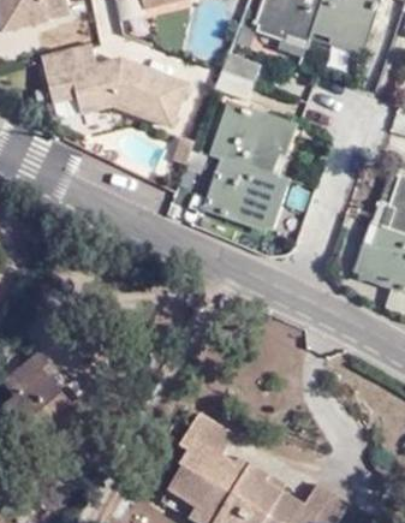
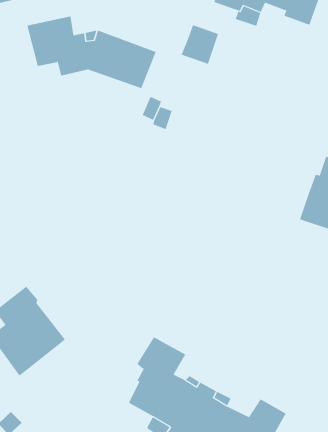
building: [207,101,296,230] -> none

